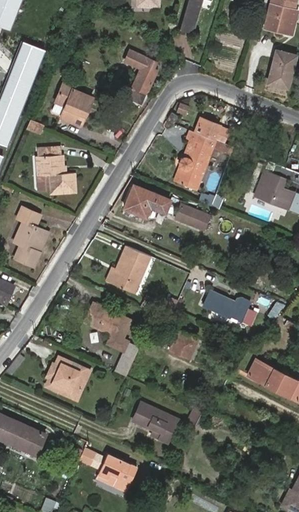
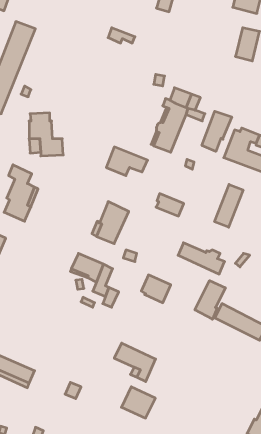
building: [127,63,158,105] -> none
building: [58,80,96,127] -> none
building: none -> [202,111,232,151]
building: [176,203,207,228] -> [156,194,184,216]
building: none -> [215,184,243,227]
building: none -> [195,281,225,319]
building: [44,355,90,394] -> none
building: [98,454,136,489] -> [121,387,155,418]

